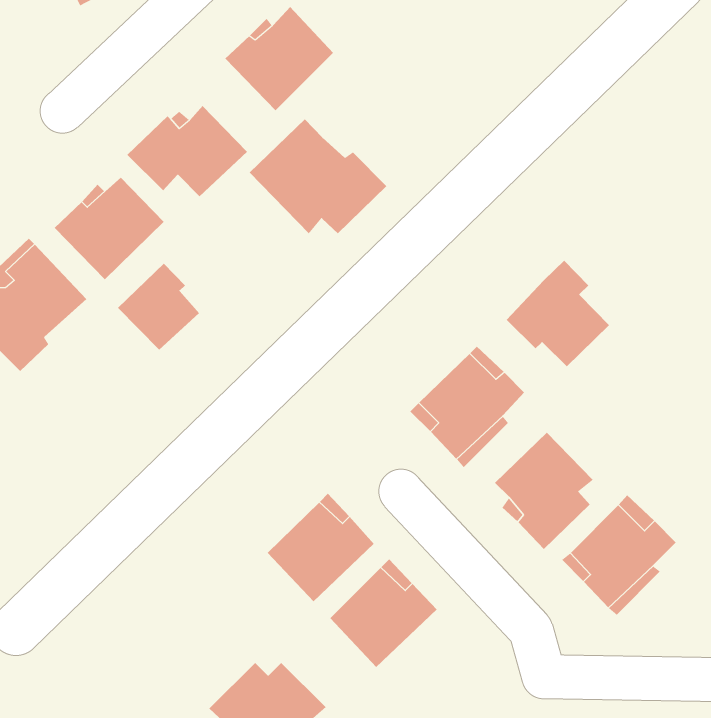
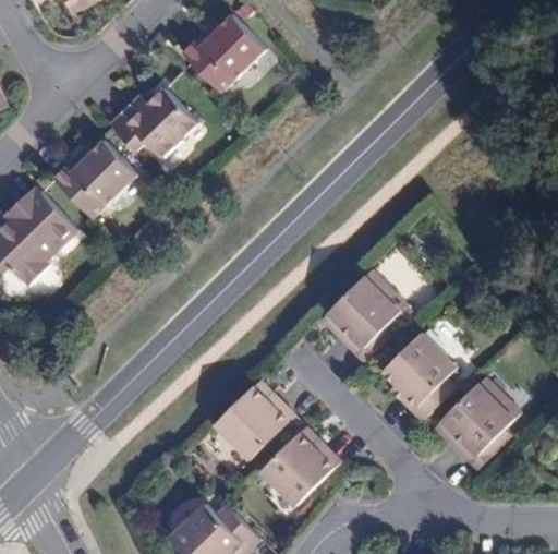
building: [249,118,387,234] -> none
building: [506,260,610,367] -> none
building: [117,263,200,350] -> none

